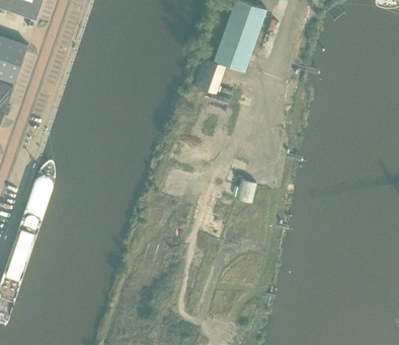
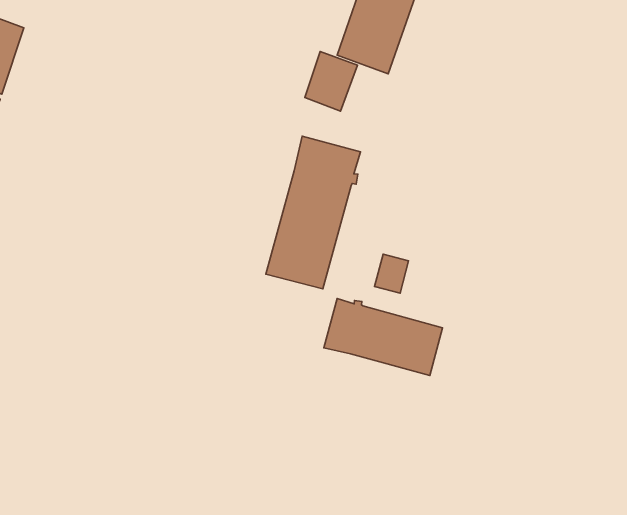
building: none -> [266,136,361,289]
building: none -> [324,299,442,376]

